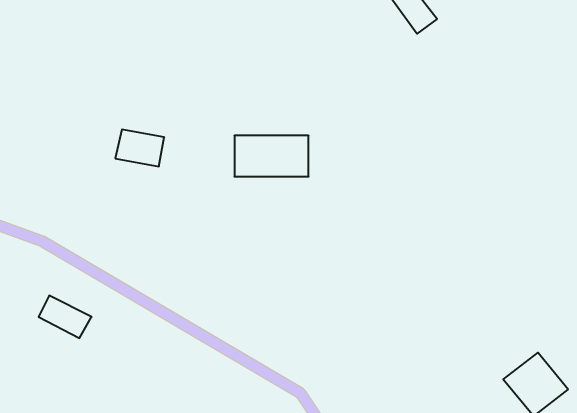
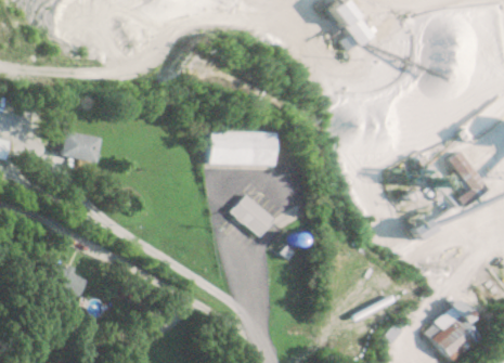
building: [115,129,164,166] -> [62,131,102,161]
building: none -> [231,195,273,237]

